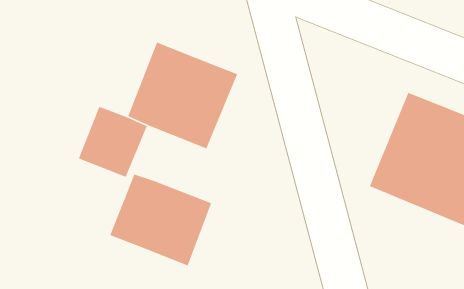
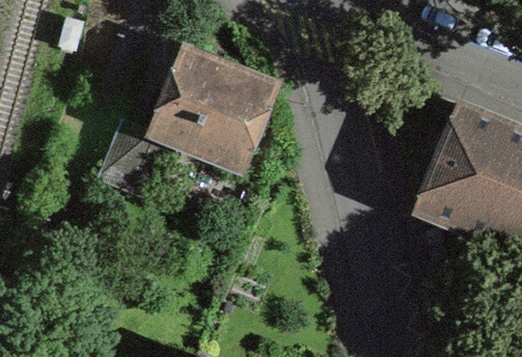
building: [109,173,212,267] -> none

